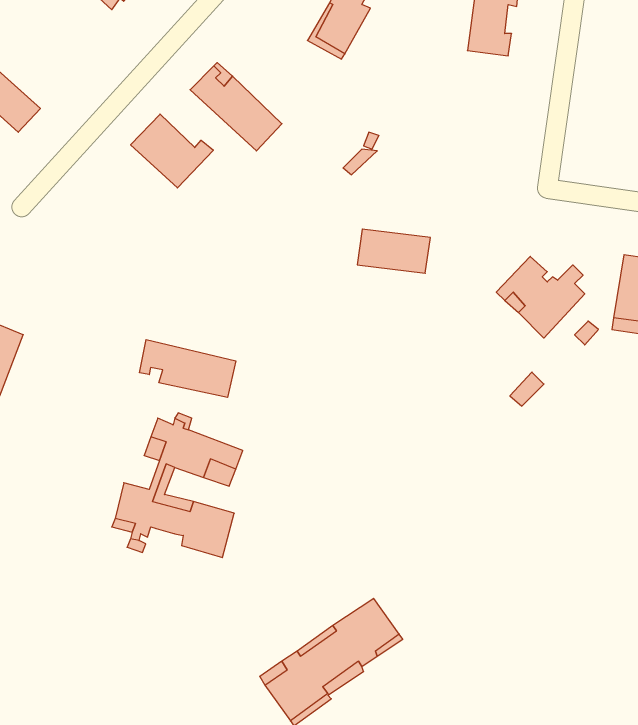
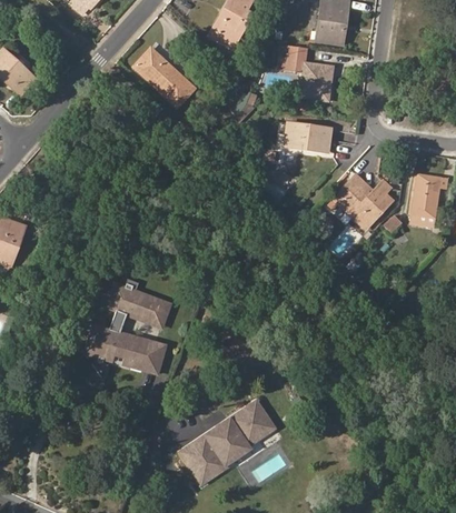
building: none -> [287,44,334,101]
building: [131,114,213,188] -> none
building: [357,229,430,273] -> [285,123,333,152]
building: [140,340,236,397] -> none

